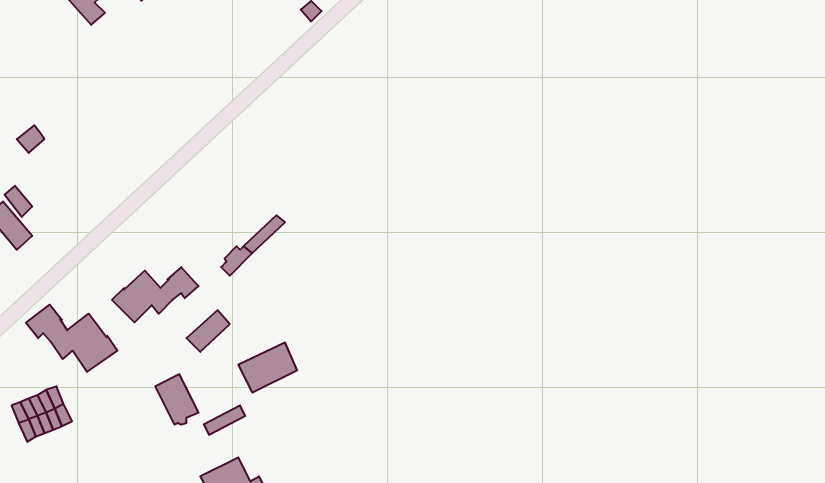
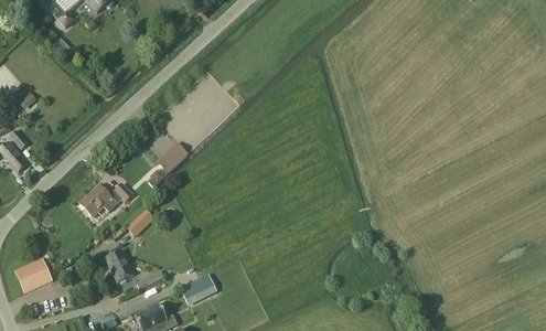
building: [26,305,117,372] -> none
building: [238,342,297,393] -> [180,273,217,305]

